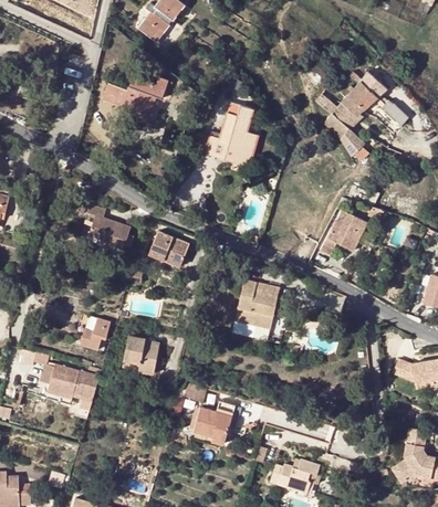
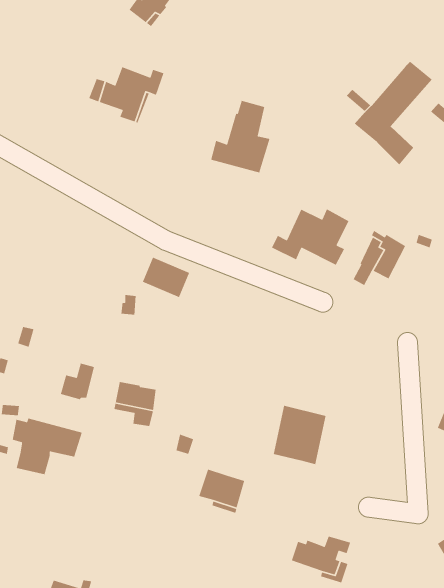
building: none -> [271,208,350,266]
building: [86,205,131,252] -> none
building: [233,281,278,330] -> [273,405,326,465]

